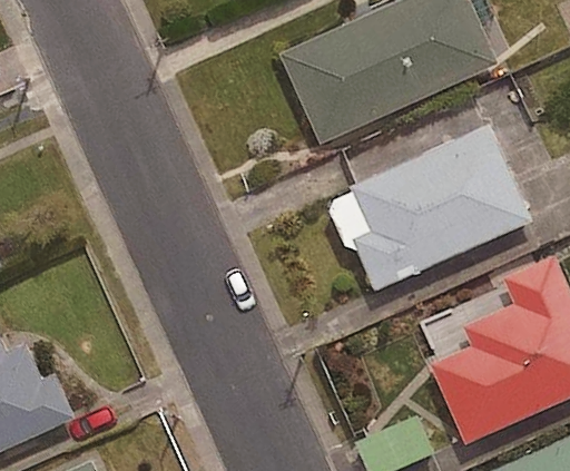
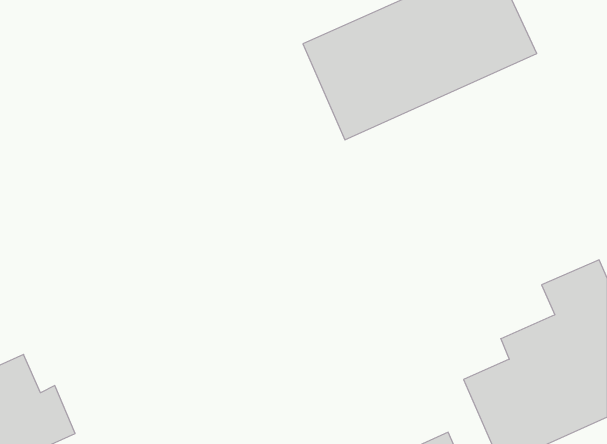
building: [351,127,532,291] -> none

